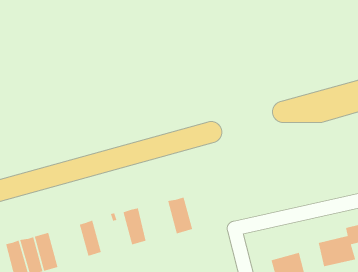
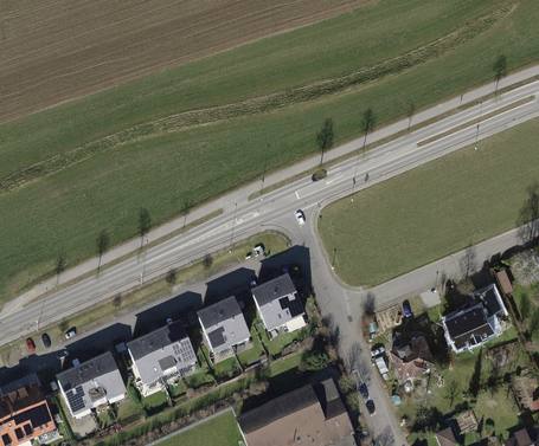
building: none -> [269,276,303,322]
building: none -> [214,297,250,345]
building: none -> [160,322,195,368]
building: none -> [126,337,161,384]

